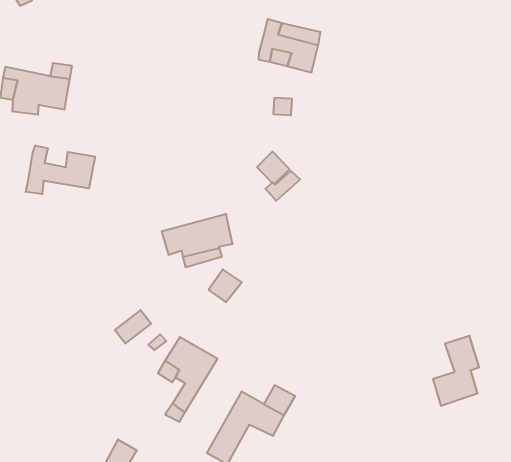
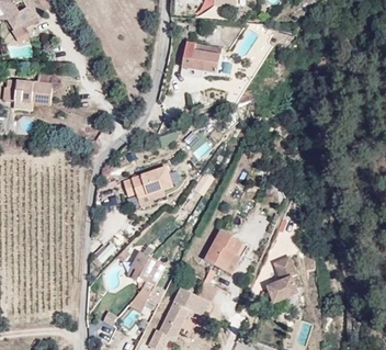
building: [26,145,95,194] -> none
building: none -> [202,230,246,276]
building: [433,336,479,406] -> [266,255,297,303]

